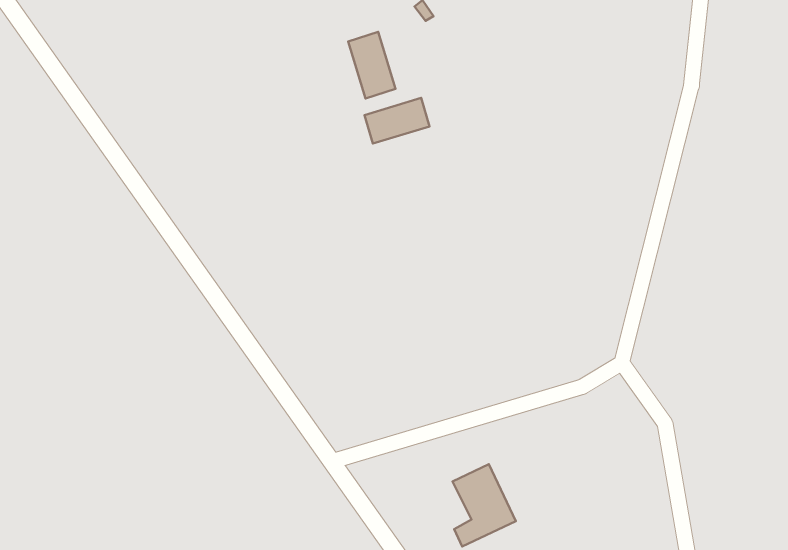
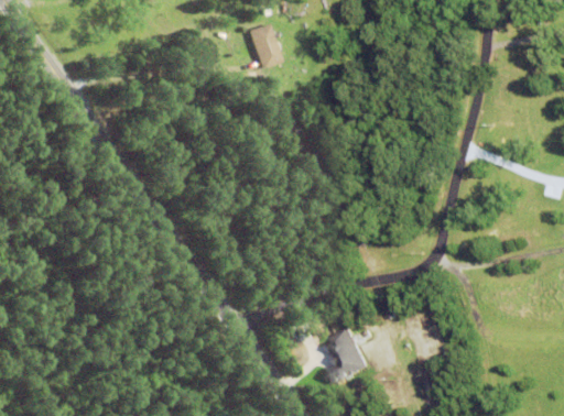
building: [365,98,430,144] -> none

